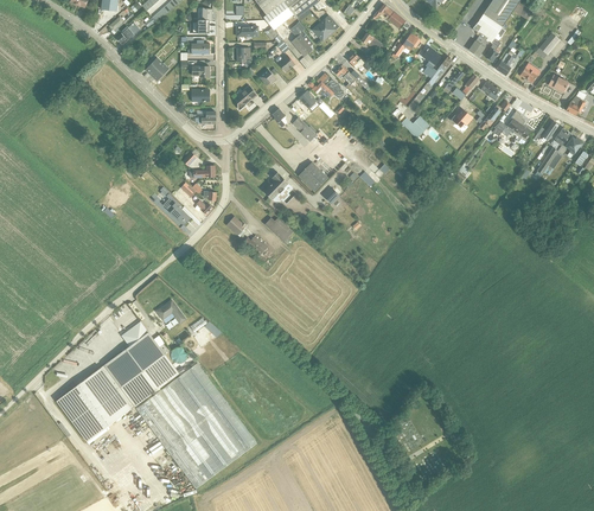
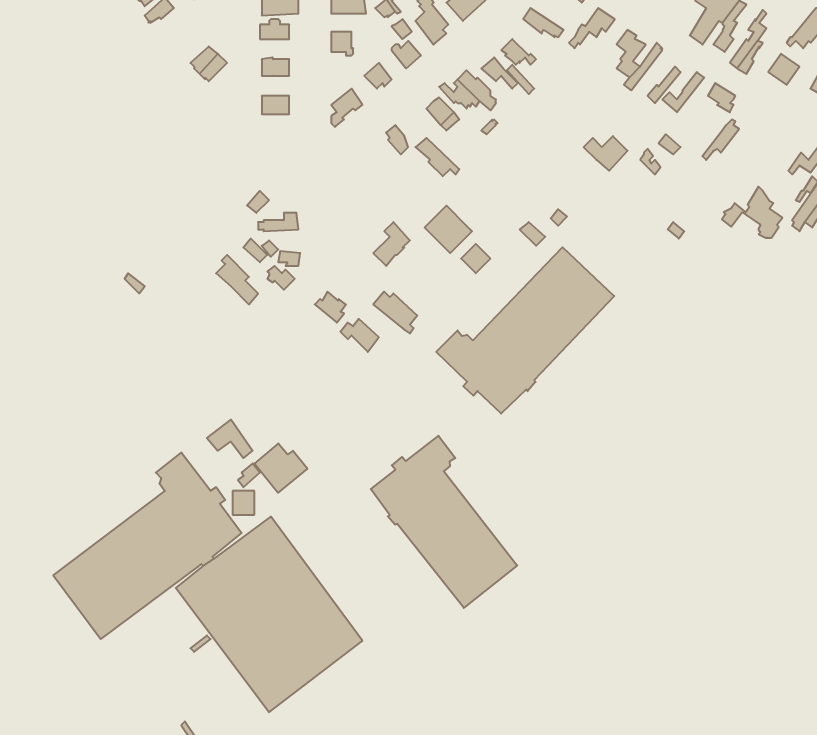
building: [491,109,530,142] -> [722,187,782,238]
building: none -> [436,247,614,414]
building: none -> [371,436,517,608]

